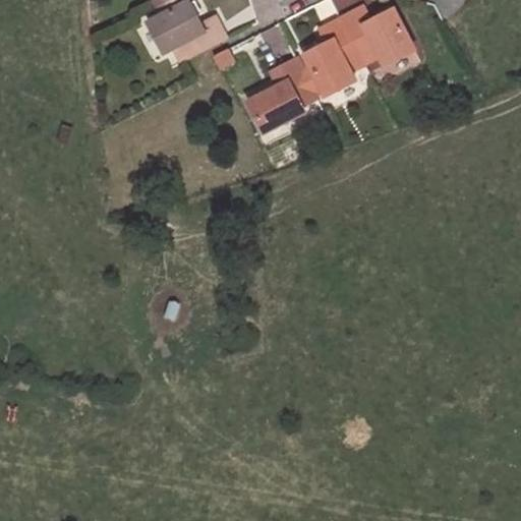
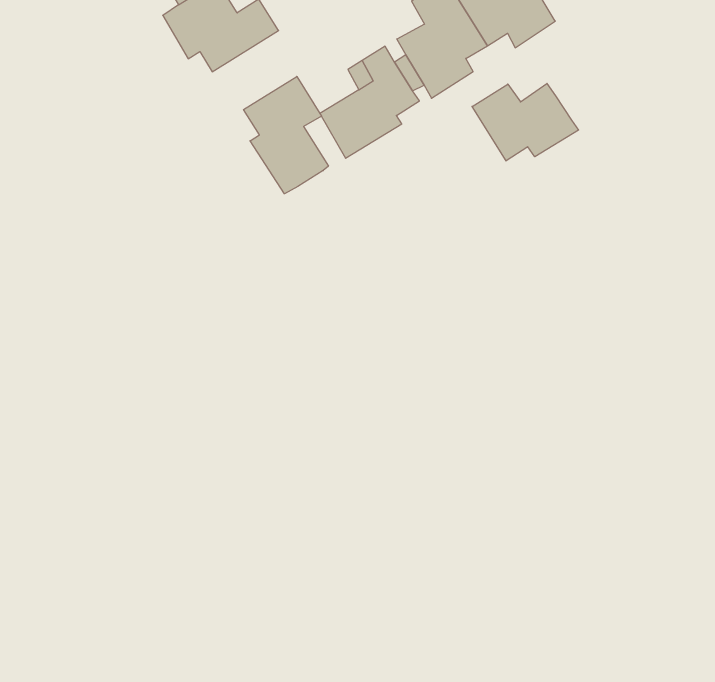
building: none -> [244,76,328,194]
building: none -> [472,83,579,161]

